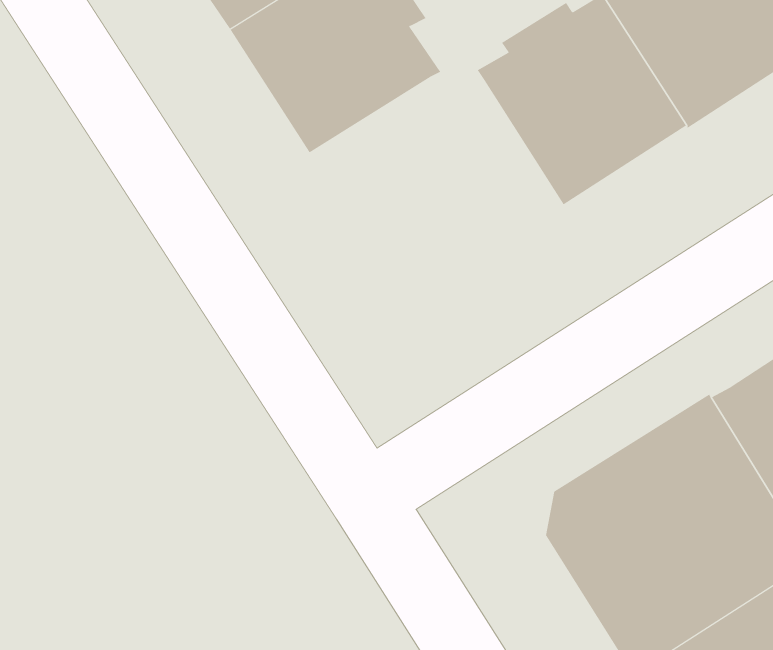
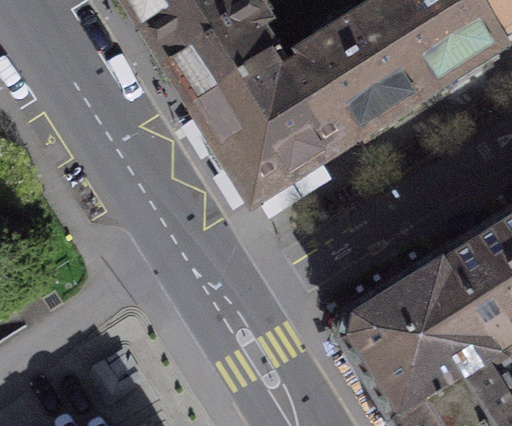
building: none -> [199,60,355,200]

